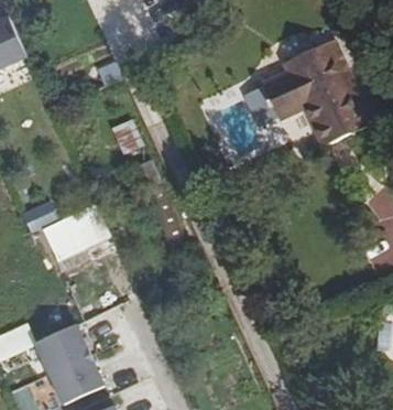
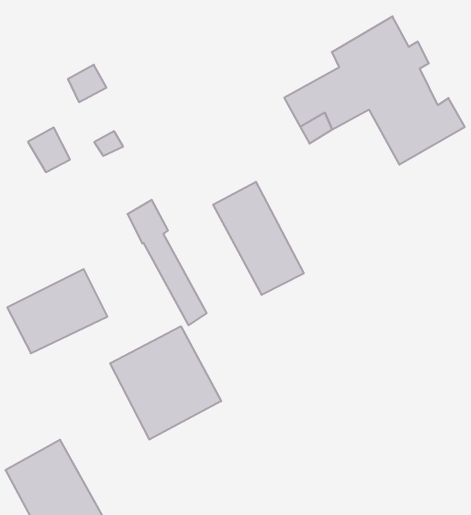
building: none -> [213,182,304,295]
building: none -> [110,326,221,440]

